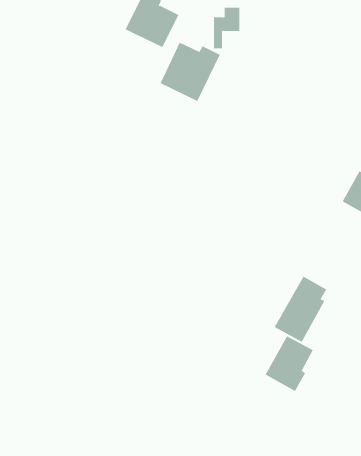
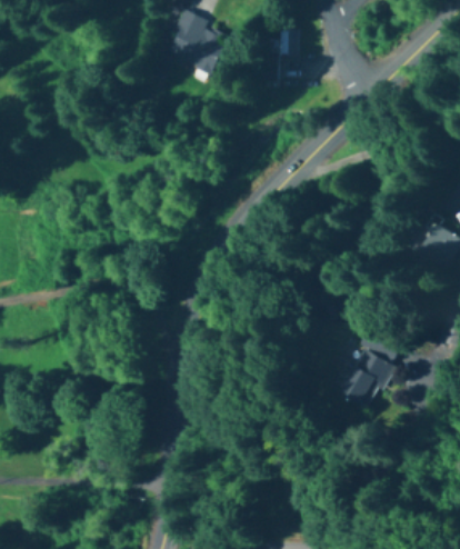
building: [160,42,220,102] -> none
building: [265,335,314,392] -> none

